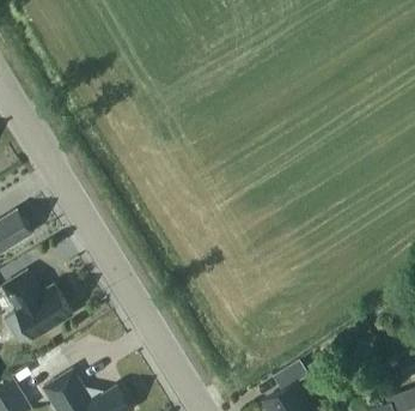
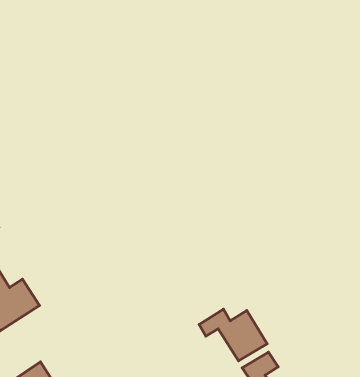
building: none -> [199,309,267,361]

